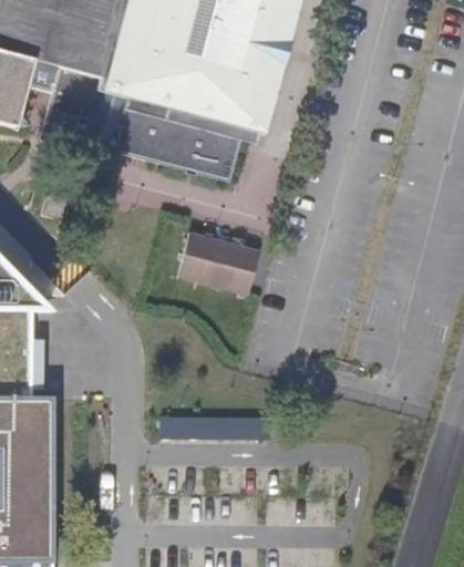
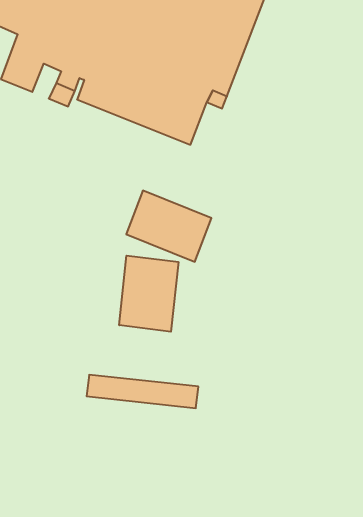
building: none -> [119,256,178,332]

